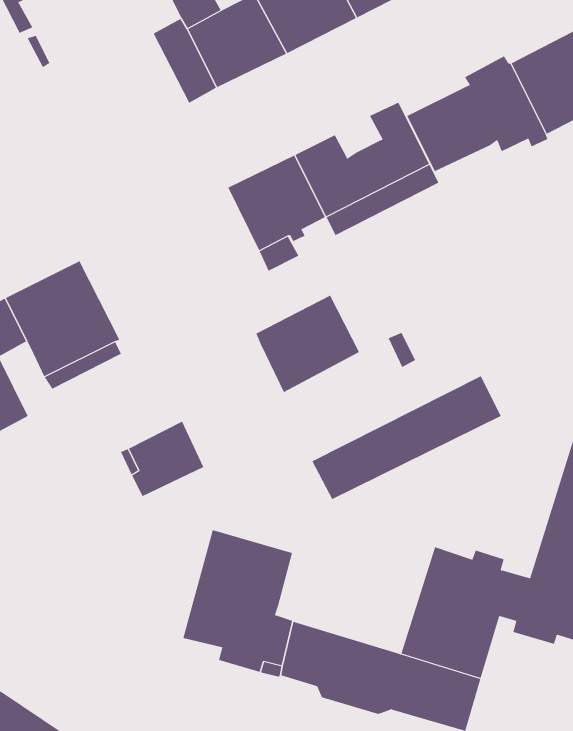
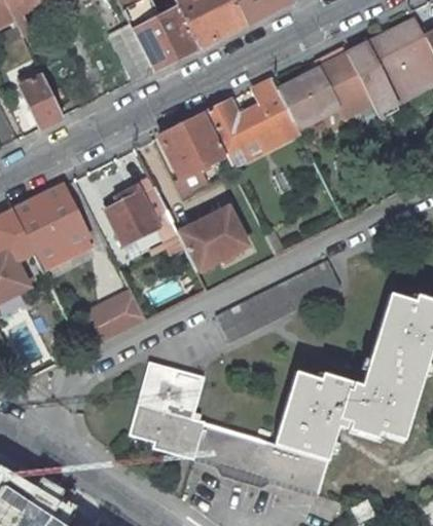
building: none -> [20,75,63,126]
building: none -> [107,179,182,247]

